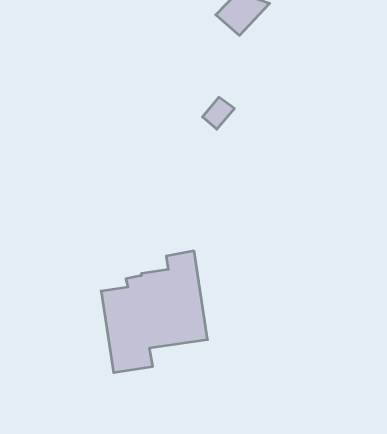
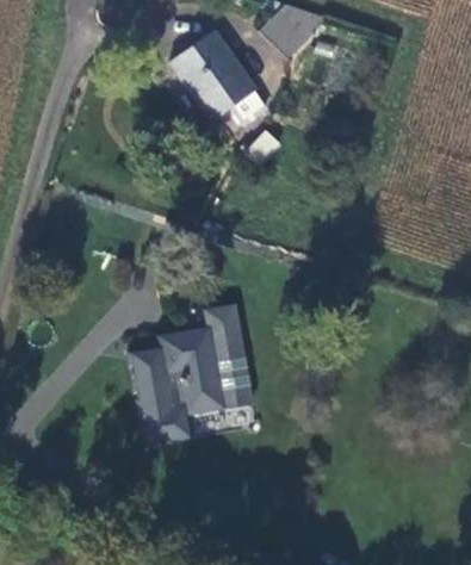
building: none -> [171,31,268,134]

